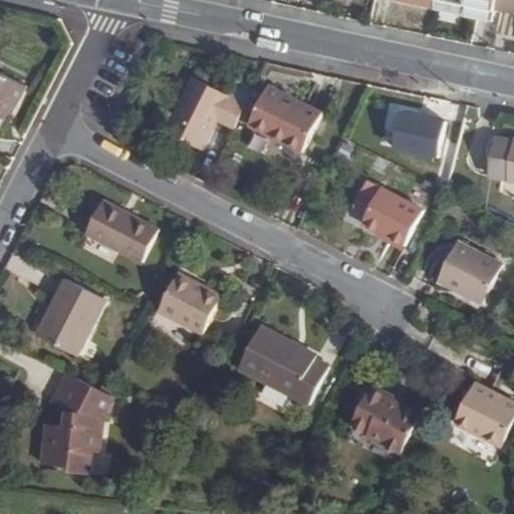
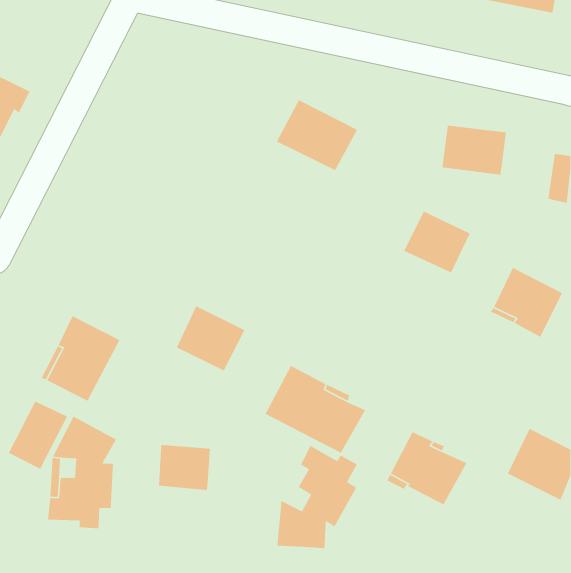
building: [163,76,243,149] -> none
building: [81,200,156,261] -> none
building: none -> [8,400,68,470]
building: none -> [158,444,211,491]
building: none -> [276,445,358,549]

